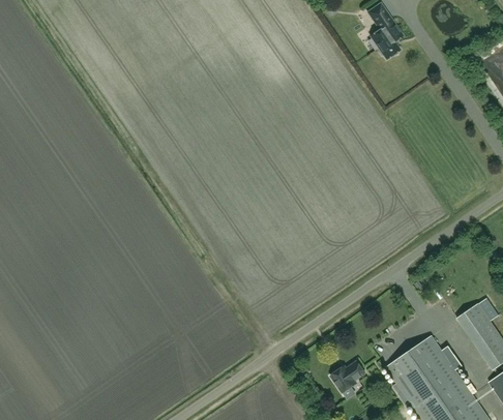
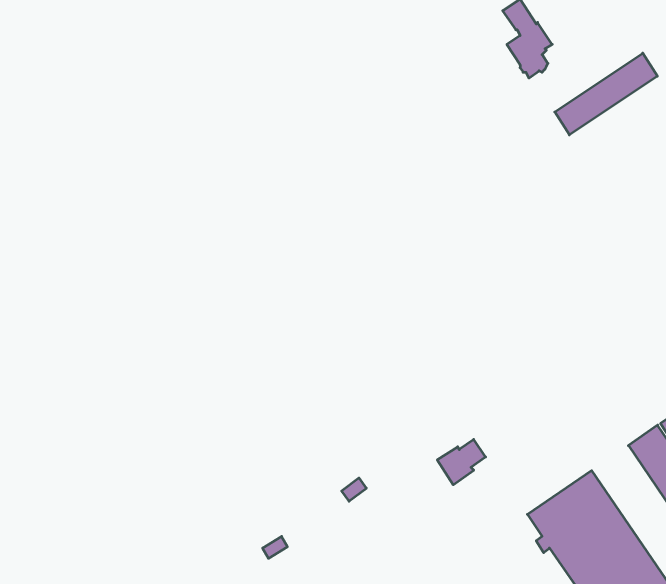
building: none -> [555,53,657,135]
building: [329,361,363,393] -> [437,439,486,485]

